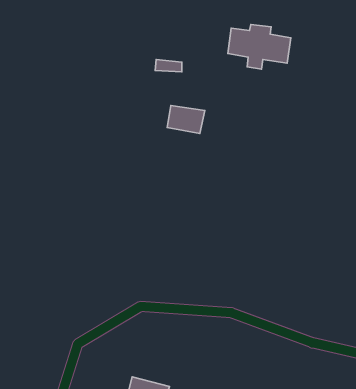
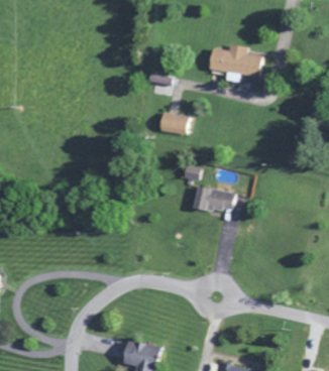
building: none -> [194,187,233,211]

